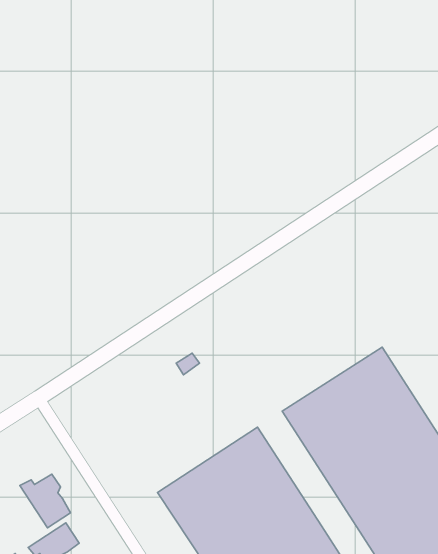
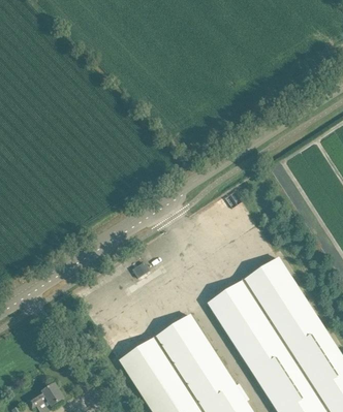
building: [20,474,70,528] -> none

